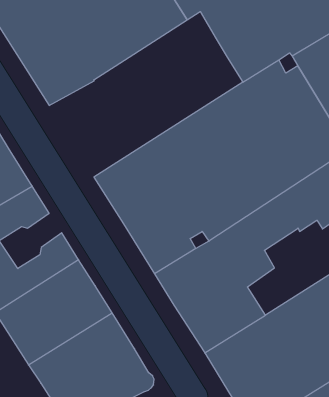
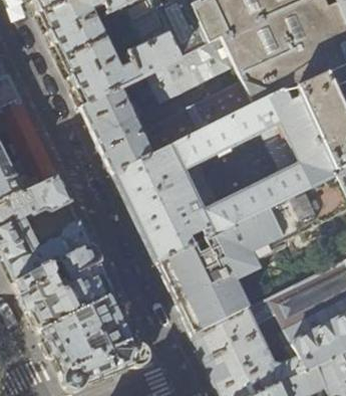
building: none -> [146,40,232,102]
building: none -> [81,82,251,174]

